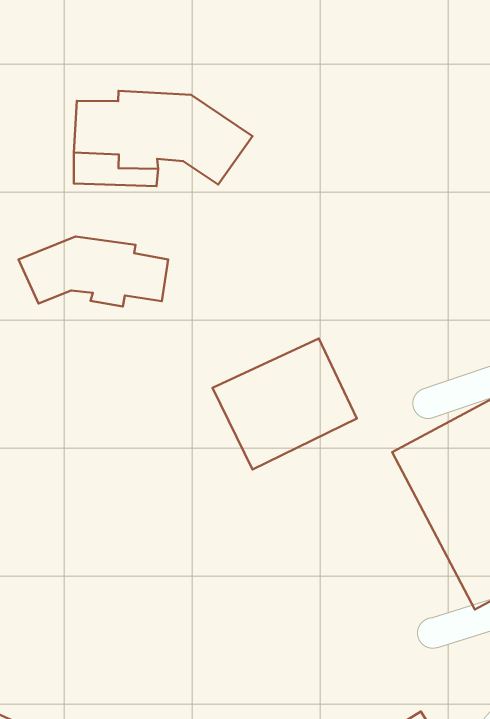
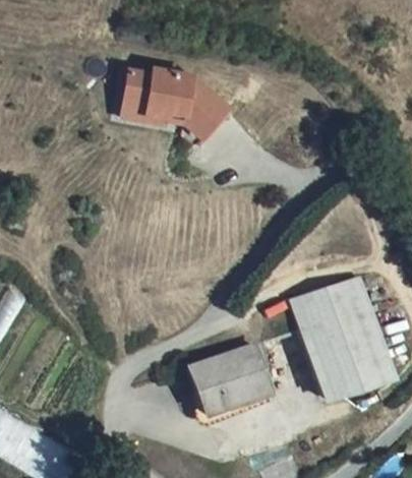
building: [19,236,168,306] -> none
building: [213,338,357,469] -> [188,342,272,415]

